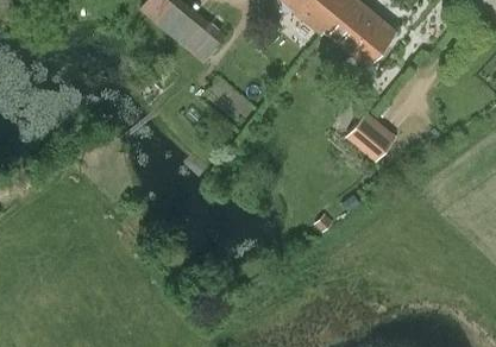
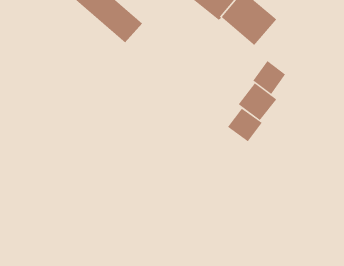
building: none -> [252,60,286,95]
building: none -> [227,108,262,142]

